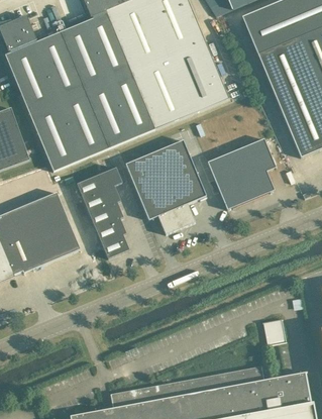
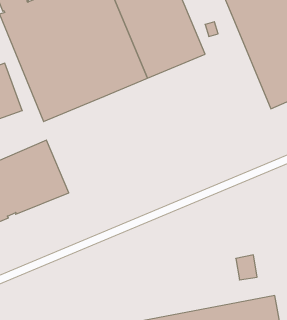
building: [208,137,277,208] -> none
building: [125,139,207,233] -> none
building: [77,167,129,257] -> none

